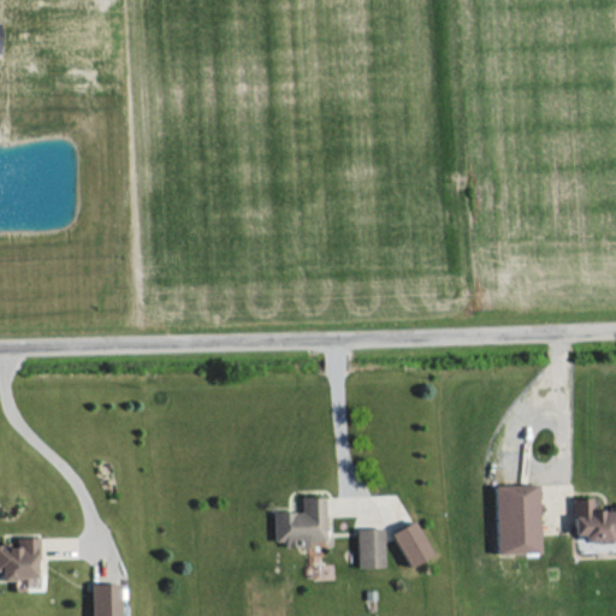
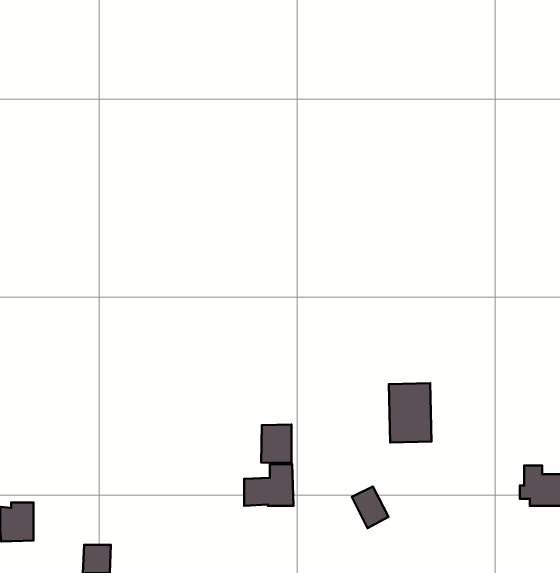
building: none -> [261,425,291,463]
building: [494,491,540,555] -> [389,383,431,443]
building: [359,529,386,569] -> none

